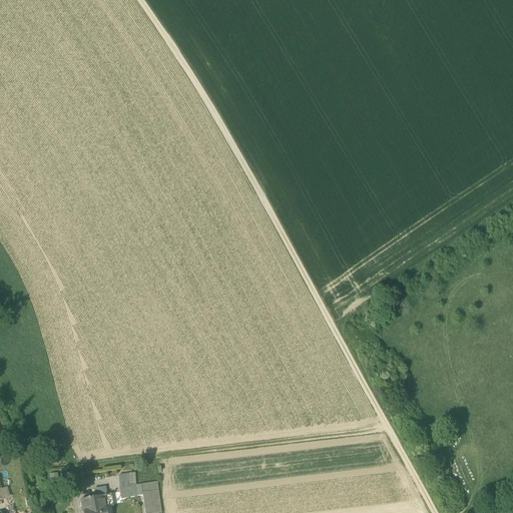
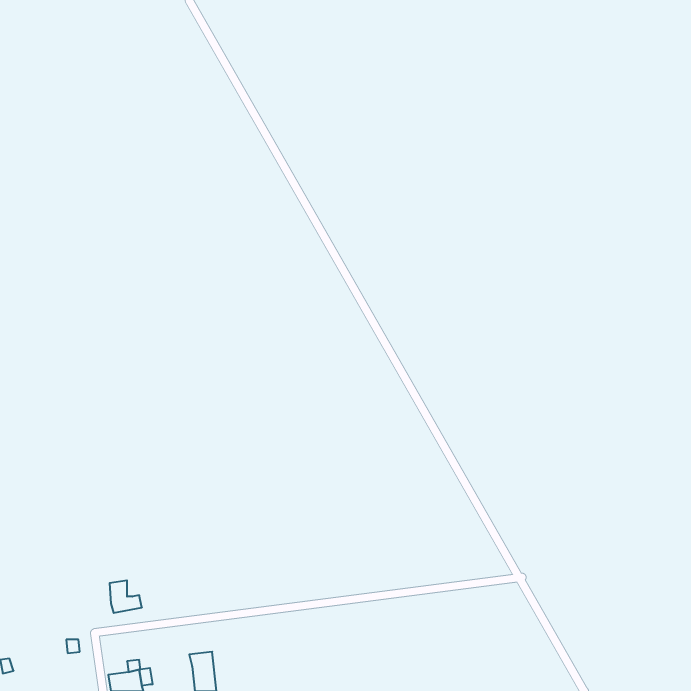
building: [118,474,142,498] -> [110,580,142,613]

